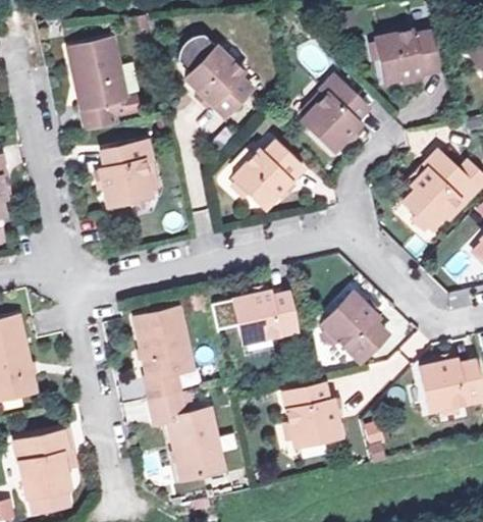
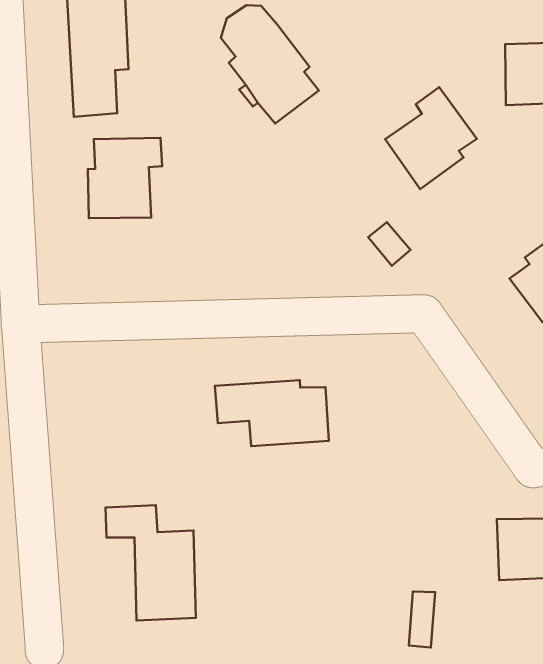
building: [234,141,301,204] -> none
building: [322,293,386,358] -> none
building: [139,310,194,402] -> none
building: [284,381,340,445] -> none

